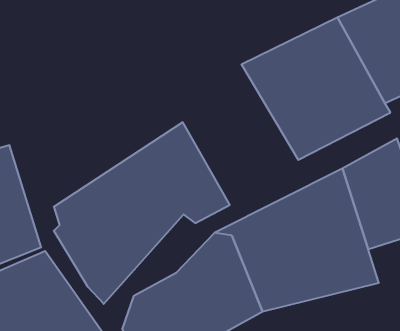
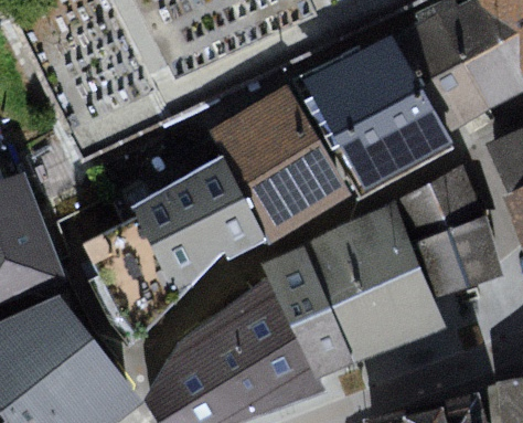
building: none -> [215,84,356,245]

